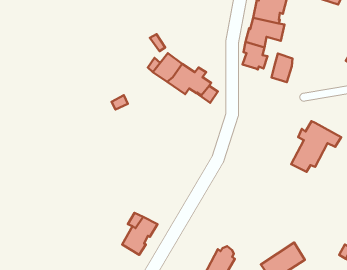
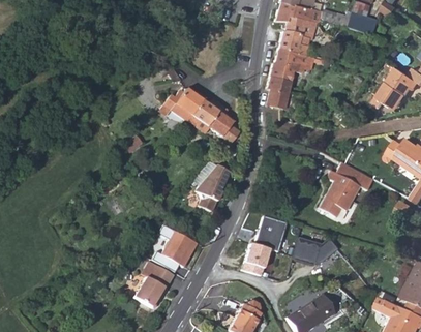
building: [272,53,293,82] -> none
building: none -> [194,165,228,212]
building: none -> [241,218,284,272]
building: none -> [154,227,198,272]
building: none -> [293,238,337,266]

